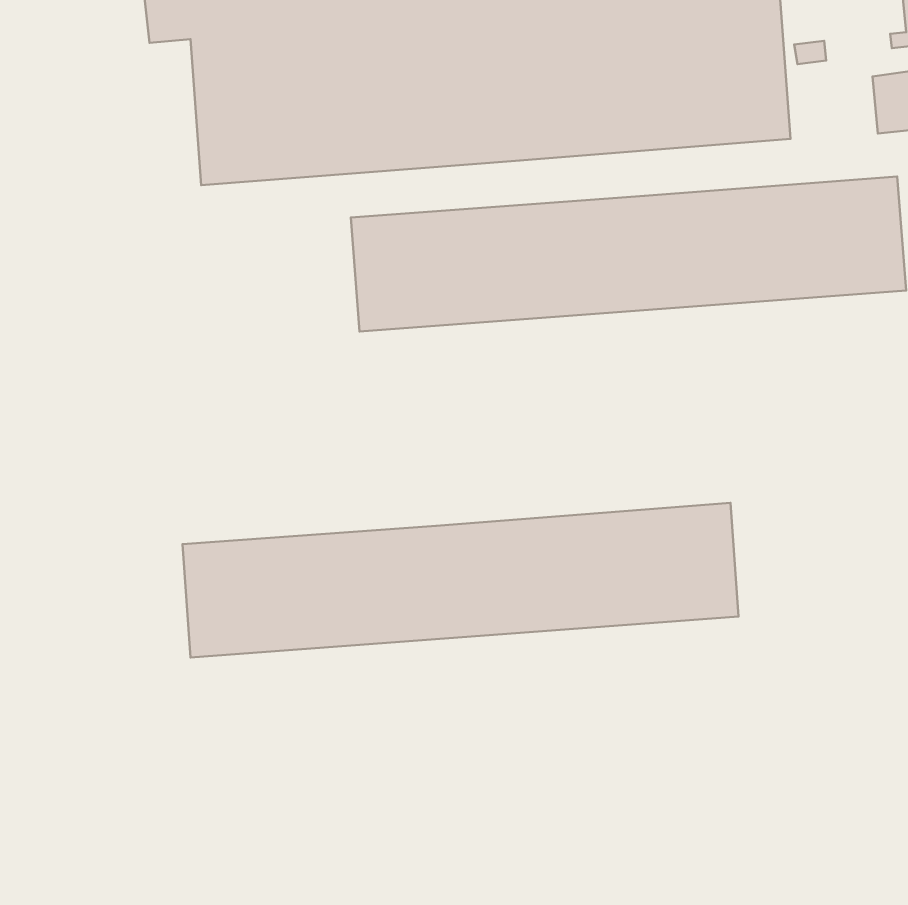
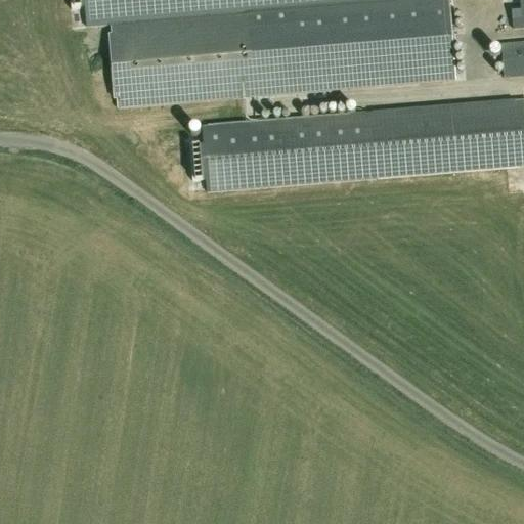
building: [182,503,739,657] -> none

